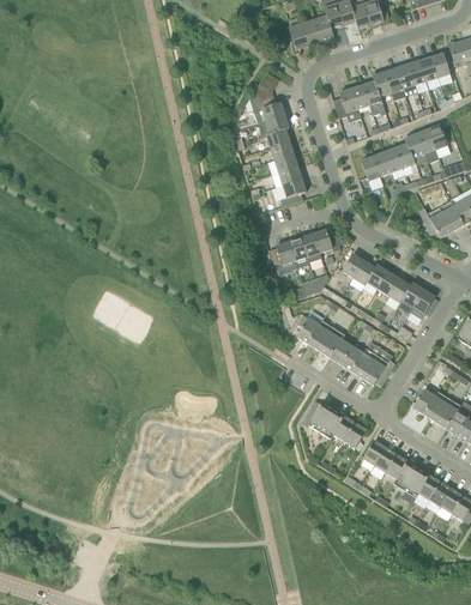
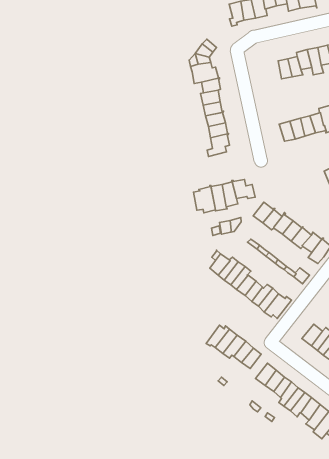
building: [332,87,361,121] -> none

